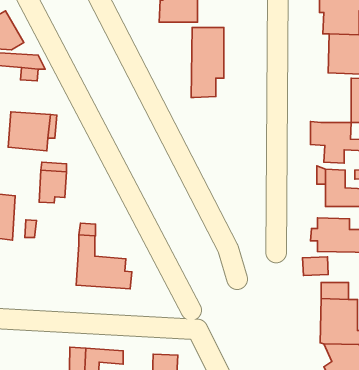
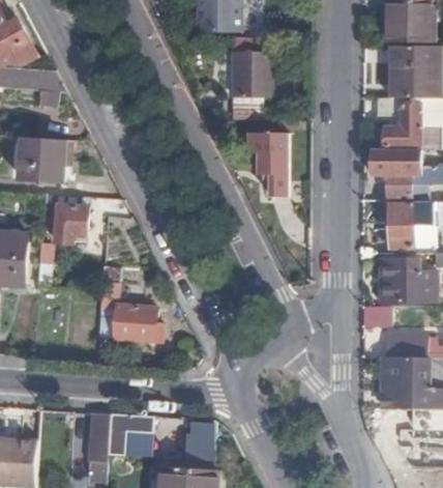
building: none -> [376,97,419,149]
building: none -> [235,119,288,203]

